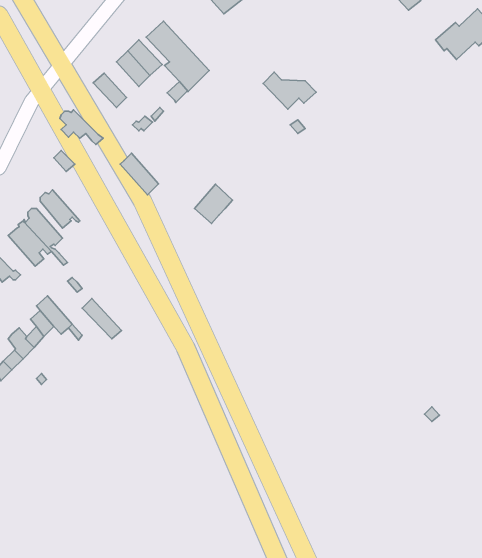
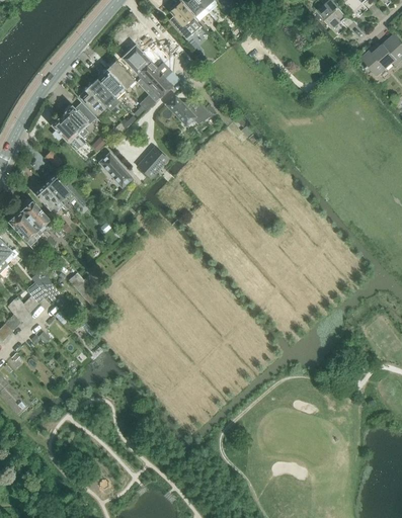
building: none -> [87,78,119,110]
building: [263,72,316,109] -> [166,95,210,125]
building: none -> [62,97,99,138]
building: none -> [45,173,79,215]
building: [194,184,233,223] -> [137,146,168,178]

